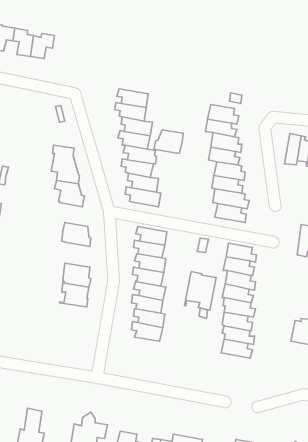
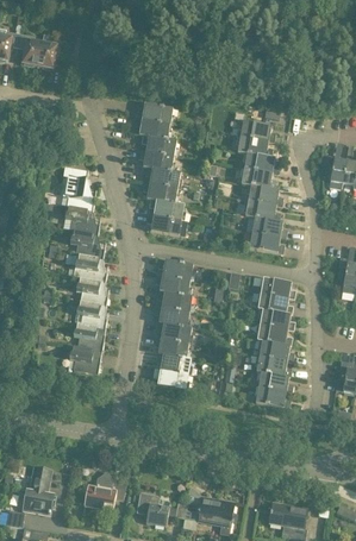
building: [154,130,183,153] -> none
building: none -> [69,232,104,259]
building: none -> [75,277,107,306]
building: [185,271,216,310] -> none
building: none -> [68,346,100,375]

